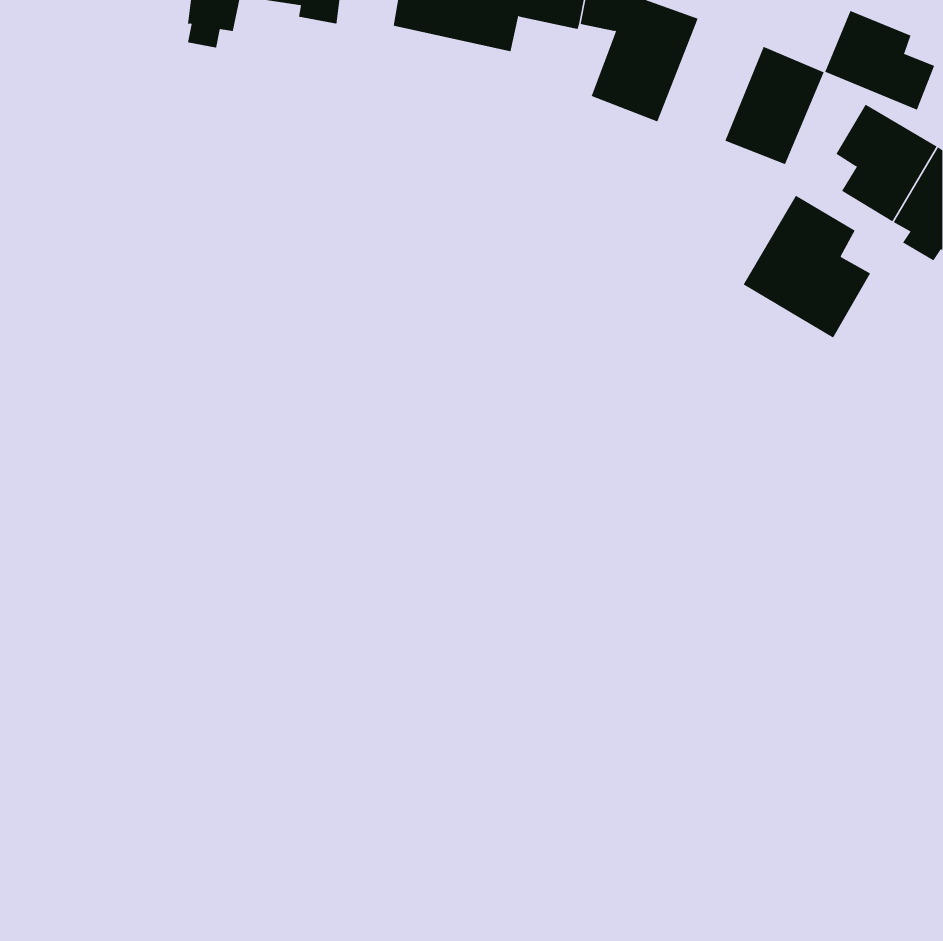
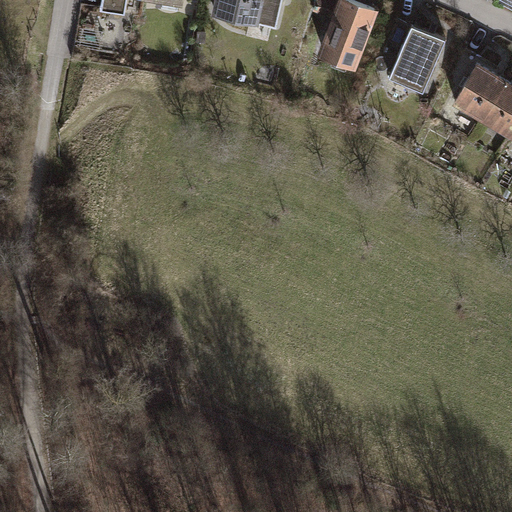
building: [824,10,935,111] -> none
building: [743,195,871,338] -> none

